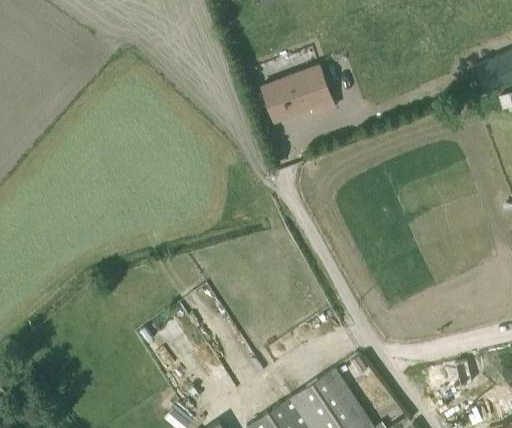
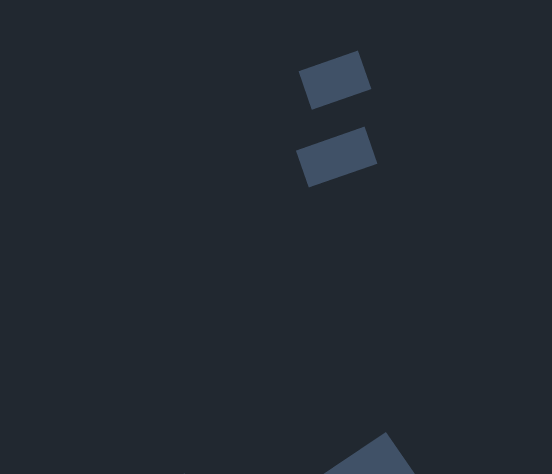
building: none -> [295,126,379,188]

